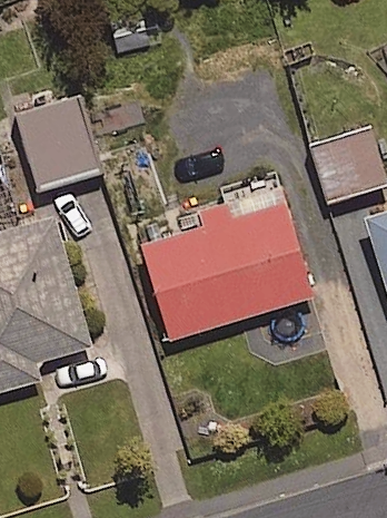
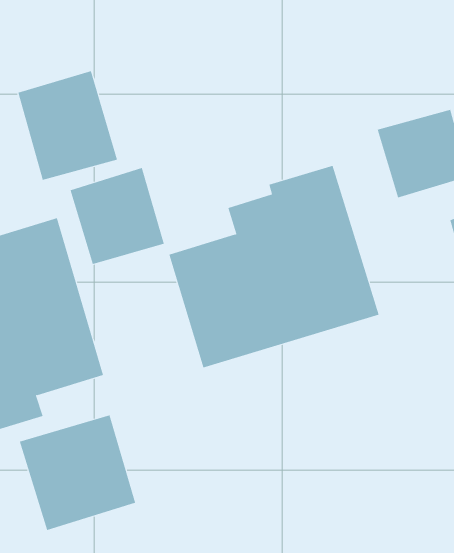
building: none -> [70,167,165,265]
building: none -> [19,414,136,531]

